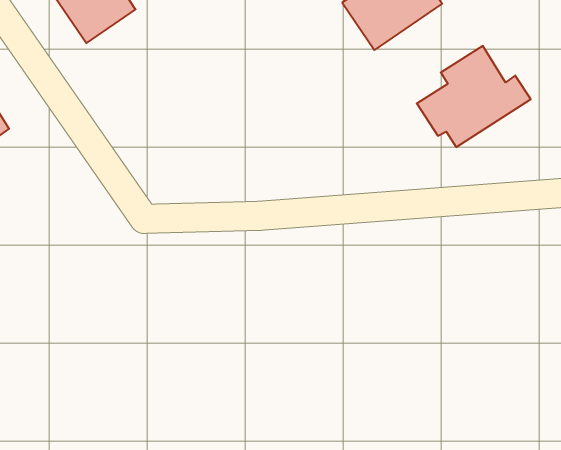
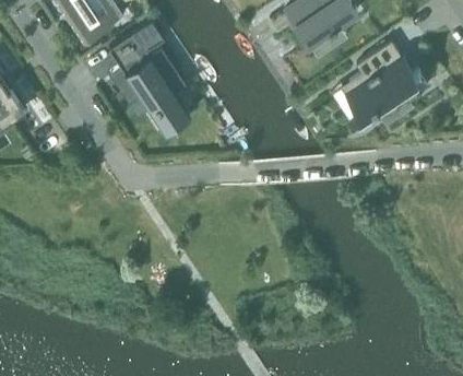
building: none -> [110,23,189,133]

